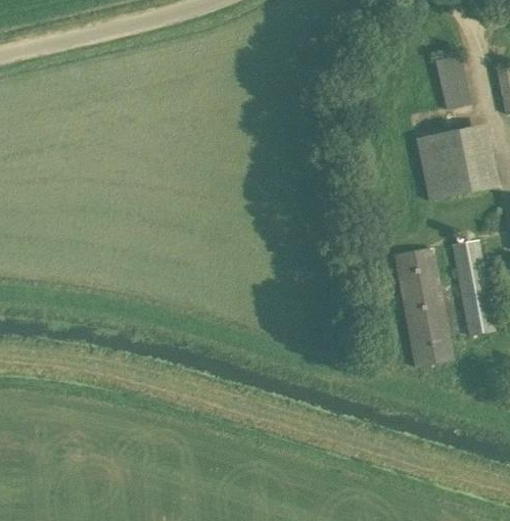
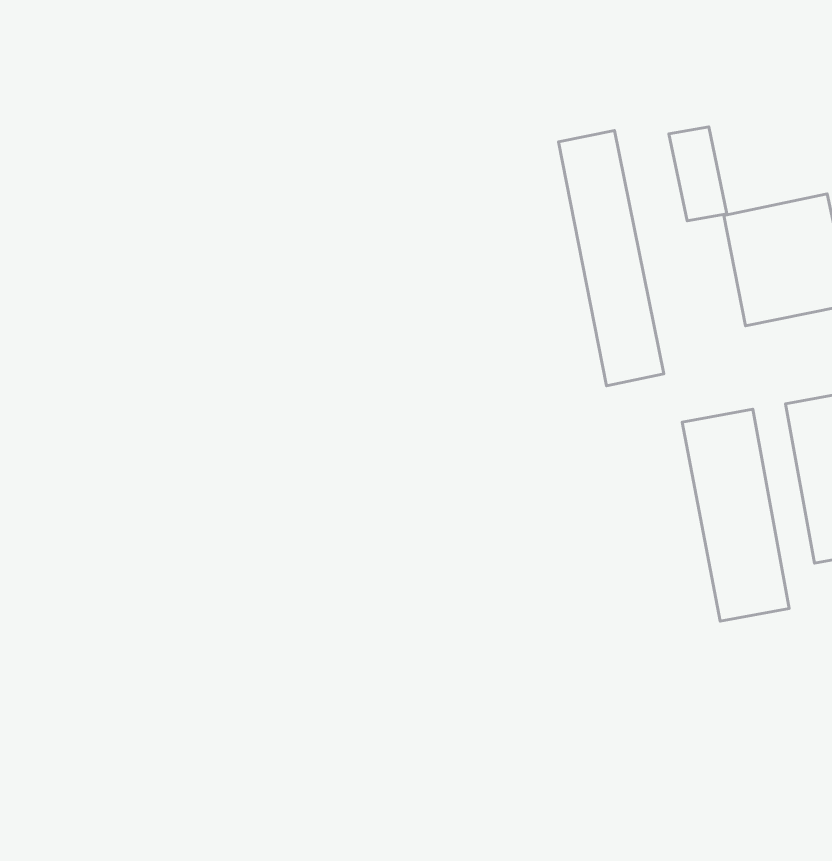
building: [437,53,470,106] -> [669,127,727,221]
building: none -> [558,131,664,386]

